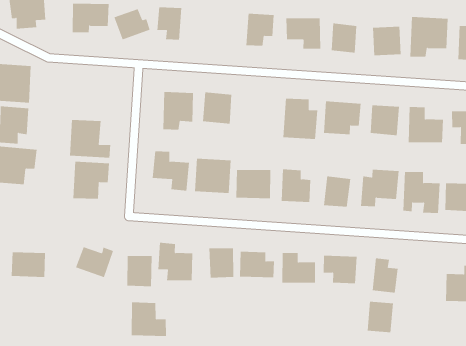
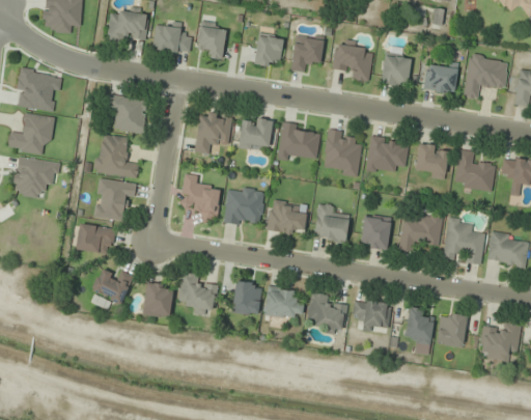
building: none -> [255,36,281,66]
building: none -> [107,95,147,134]
building: none -> [277,123,320,162]
building: [11,252,46,277] -> [76,224,115,254]
building: [367,301,394,333] -> [436,312,467,347]
building: [131,301,166,337] -> none

